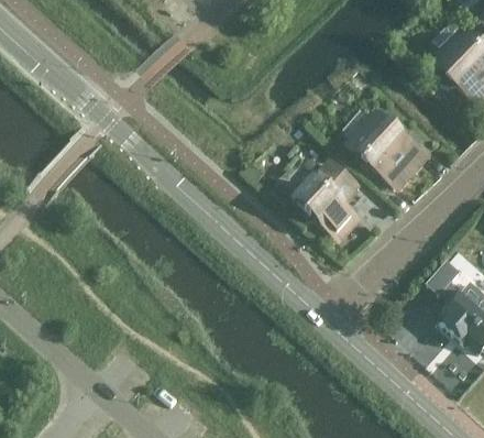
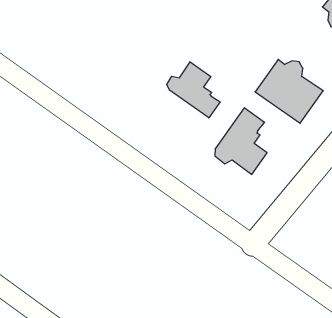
building: none -> [167,62,220,118]

